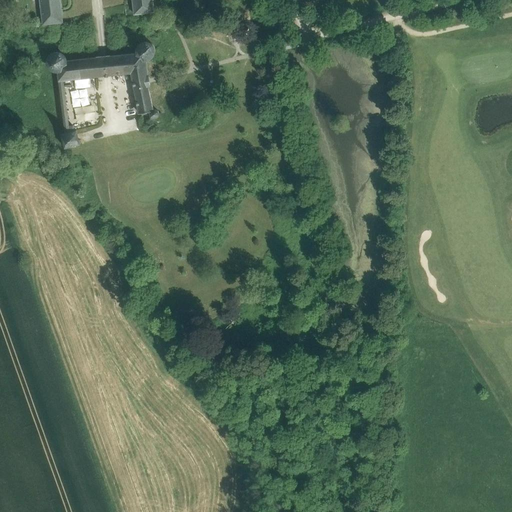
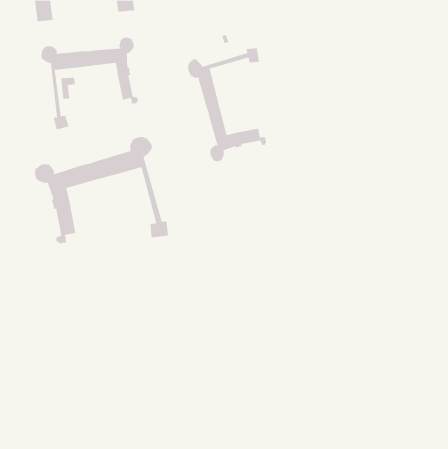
building: none -> [187,47,267,162]
building: none -> [34,136,168,244]

